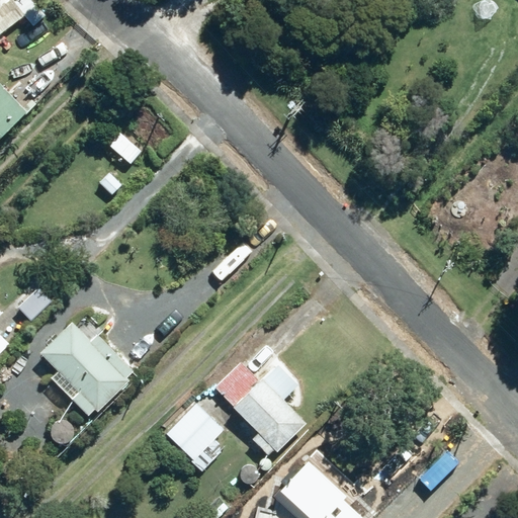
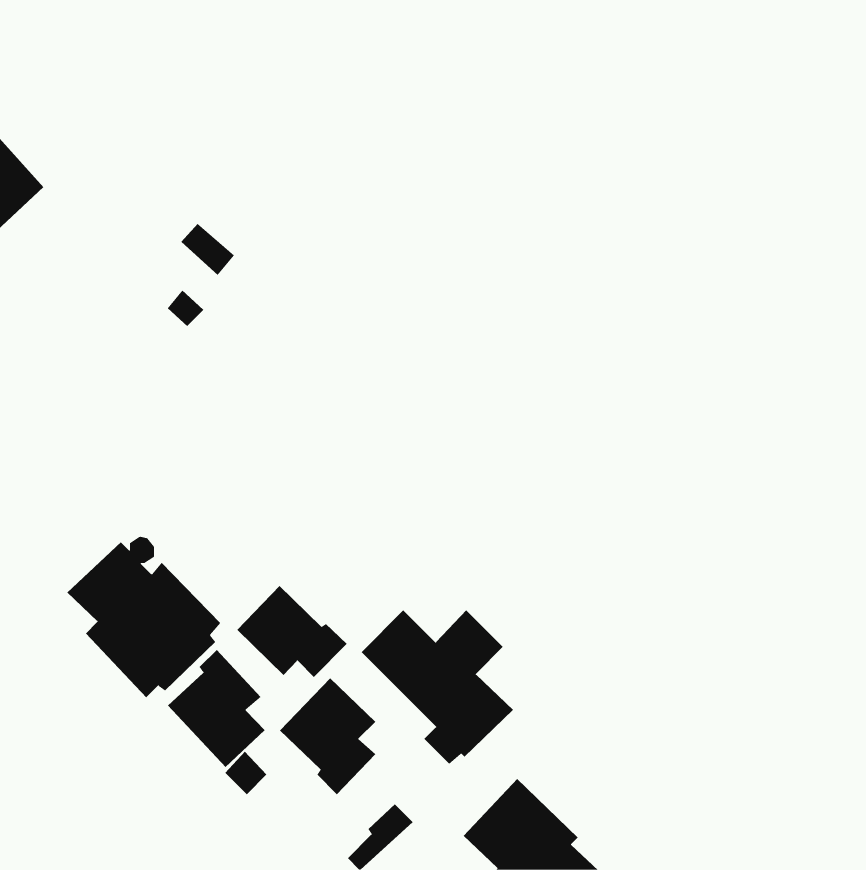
building: none -> [236,585,347,678]
building: none -> [167,649,266,768]

